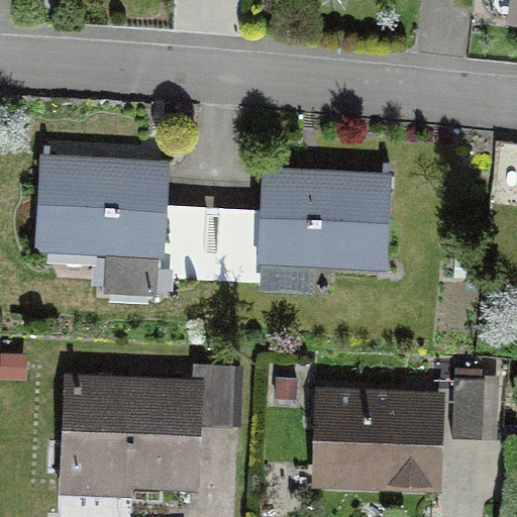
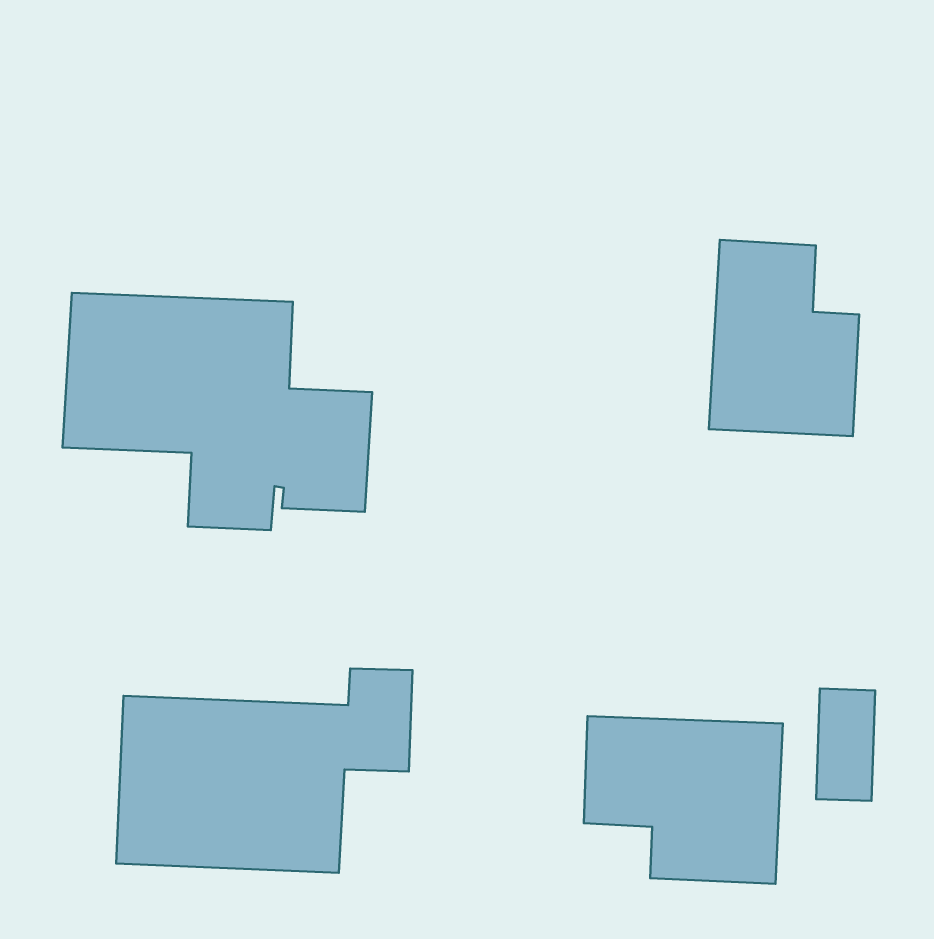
building: none -> [709,240,859,436]
building: [214,172,388,284] -> none

